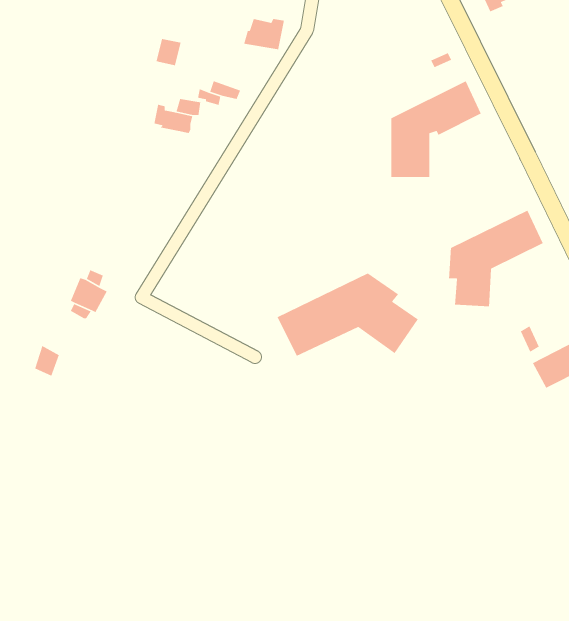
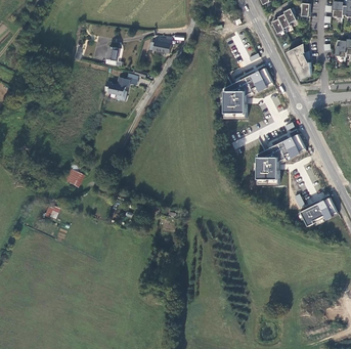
building: none -> [287,44,310,80]
building: [276,272,419,357] -> none

